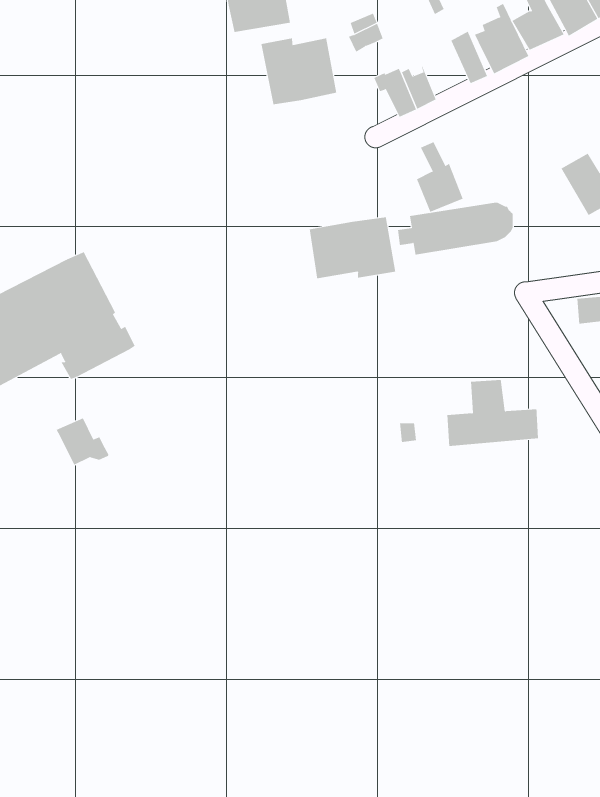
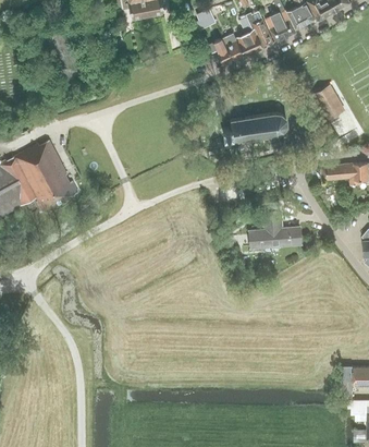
building: [261,38,337,105] -> none
building: [416,142,463,213] -> [236,16,262,56]
building: [309,217,396,279] -> none
building: [56,418,109,465] -> none

